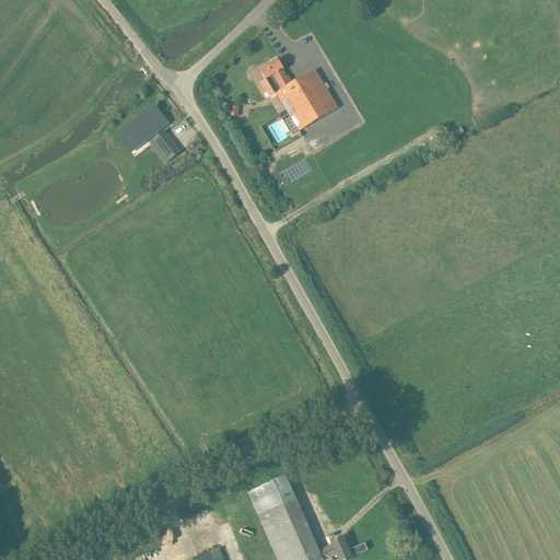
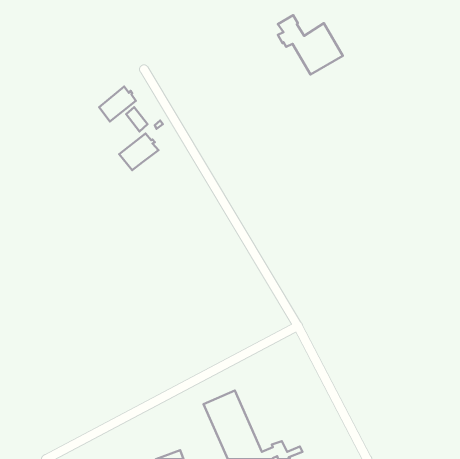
building: [259,58,338,130] -> [278,15,343,75]
building: none -> [119,133,158,170]

